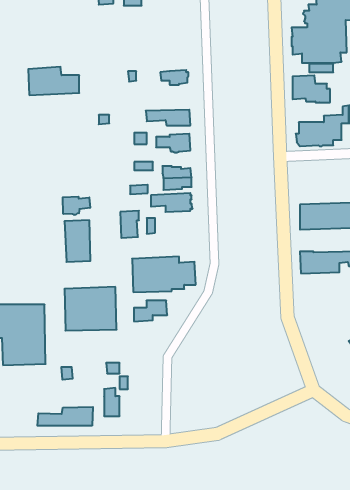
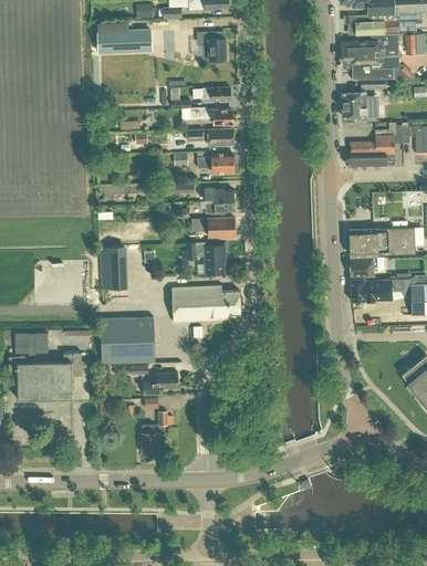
building: none -> [196,31,226,60]
building: [28,67,79,95] -> [96,21,150,51]
building: none -> [190,107,232,124]
building: [63,197,90,215] -> none
building: [120,211,139,238] -> [205,245,225,274]
building: none -> [350,256,378,276]
building: [134,301,167,321] -> [143,373,178,395]
building: [37,407,93,426] -> none

